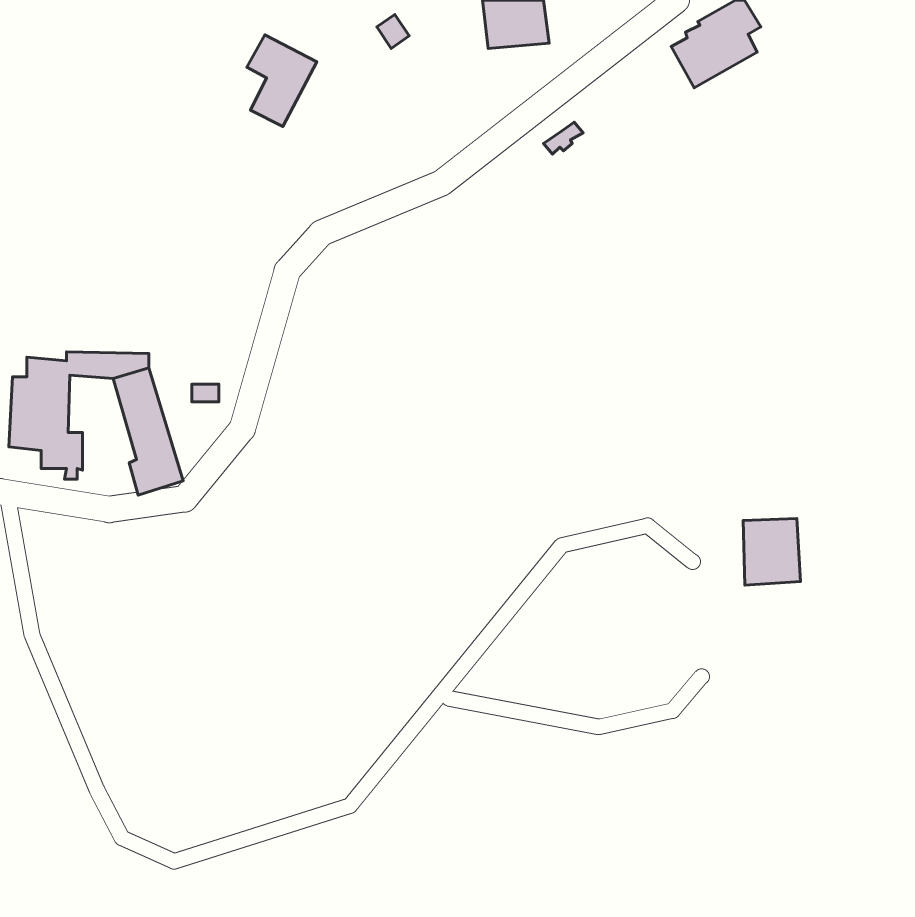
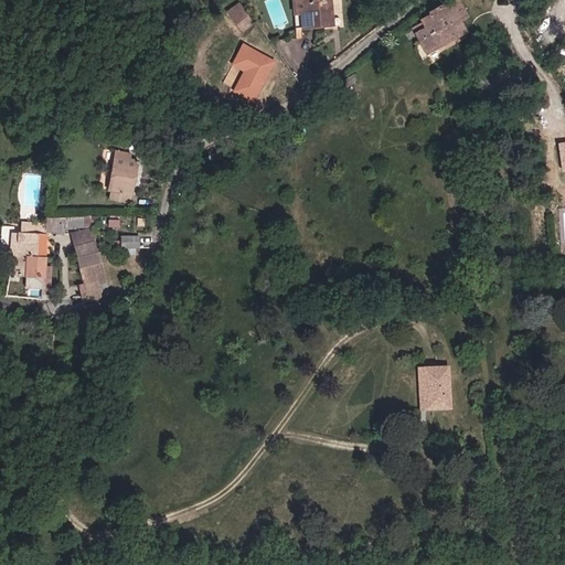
building: [247,35,317,126] -> [232,45,275,102]
building: none -> [106,151,139,203]
building: [743,519,801,585] -> [416,366,451,407]

